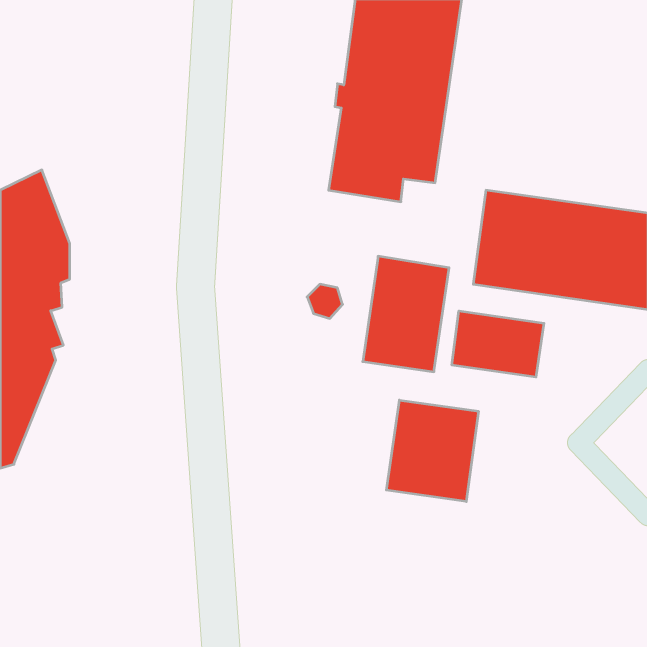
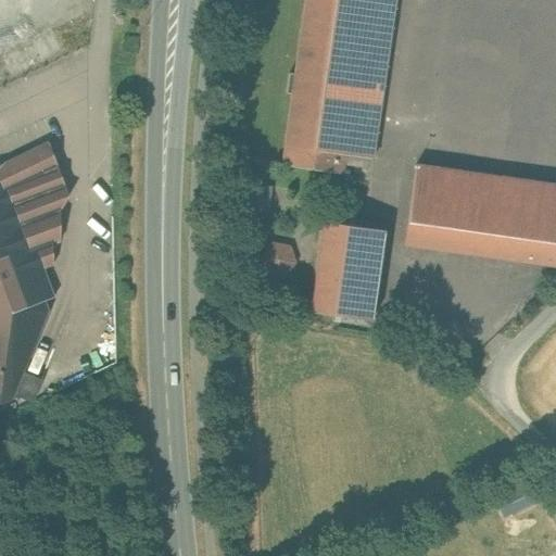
building: [452,311,544,377] -> none
building: [386,400,478,502] -> none

